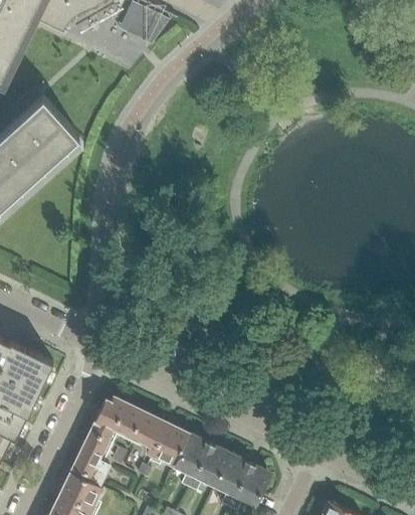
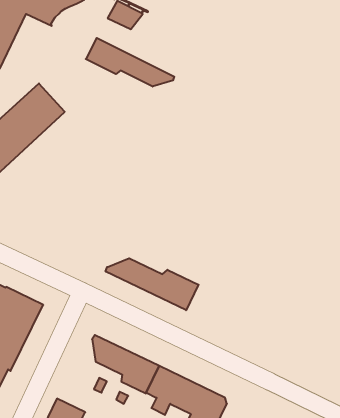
building: none -> [86,38,174,87]
building: none -> [106,258,199,310]
building: [71,400,114,483] -> none

